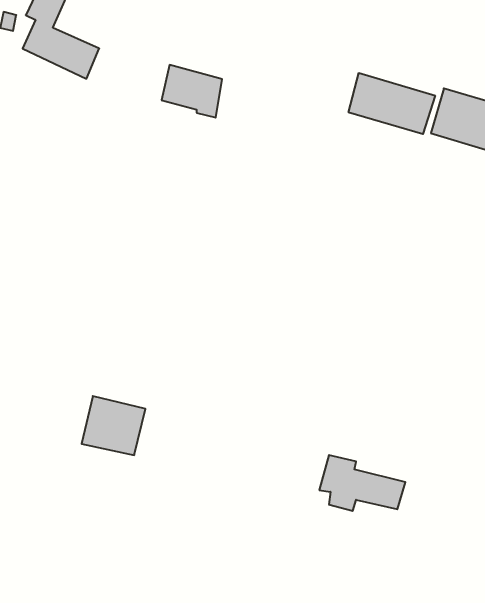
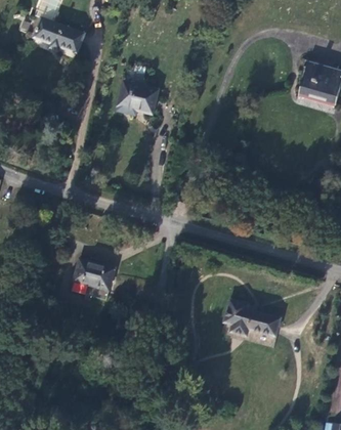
building: [162,65,222,118] -> [119,83,158,117]
building: [349,73,435,134] -> none

